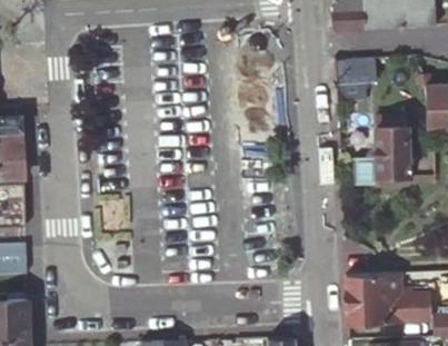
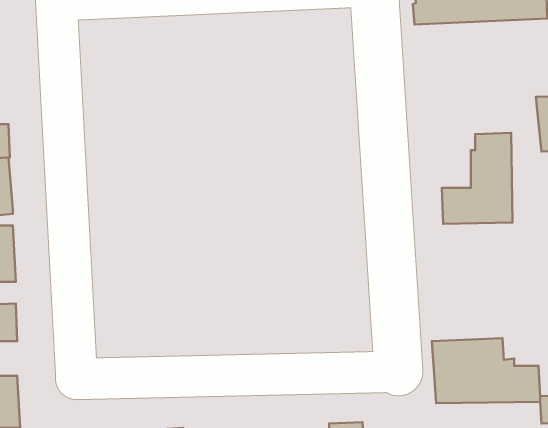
building: [335,58,377,101] -> none

